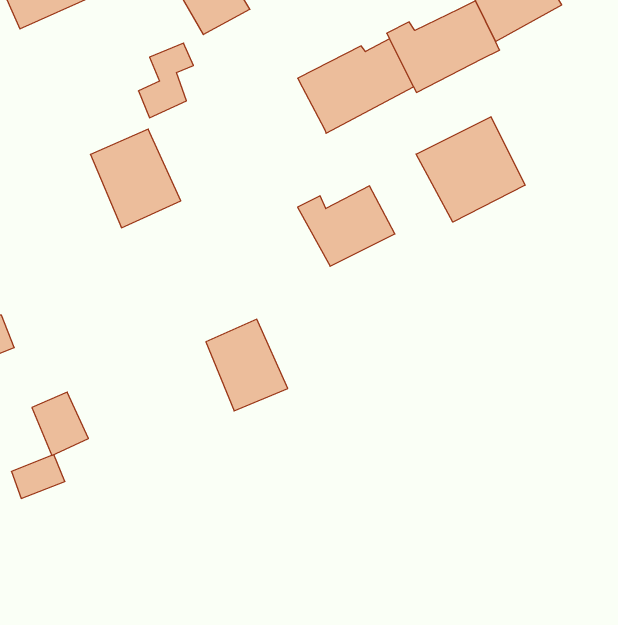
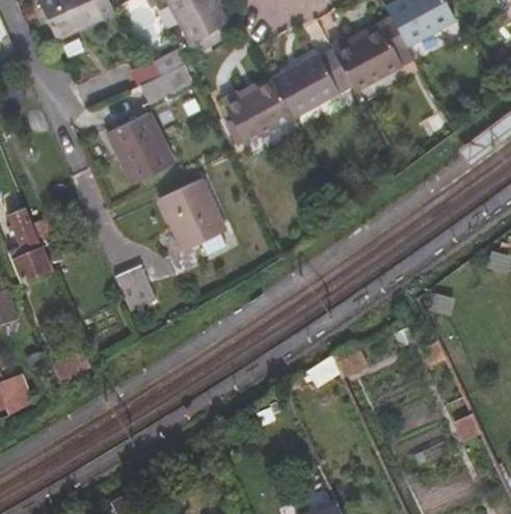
building: [416,117,525,222] -> none
building: [298,186,395,266] -> [211,76,283,135]
building: [206,319,288,411] -> [158,188,218,255]
building: [32,392,88,455] -> [116,268,158,315]

